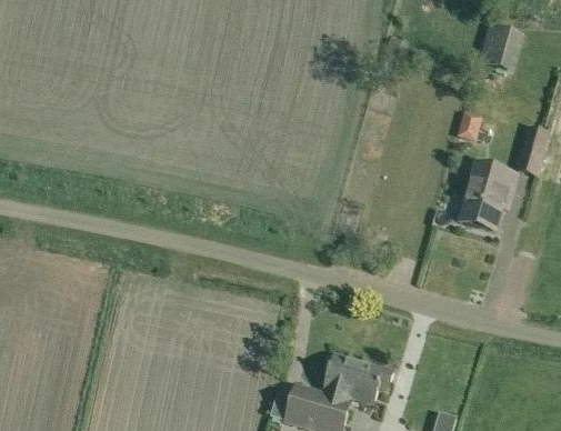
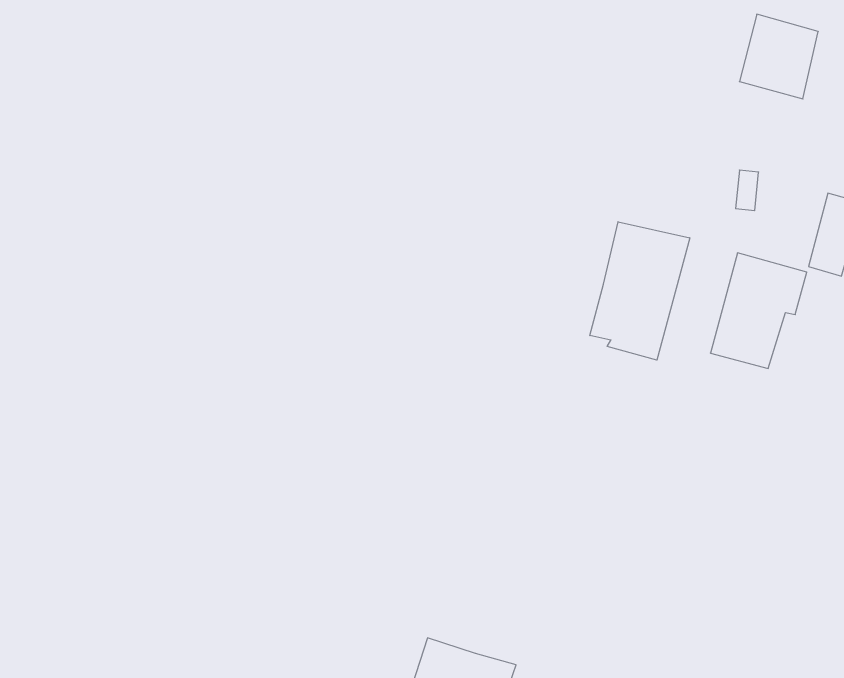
building: none -> [590,222,690,360]
building: [323,351,392,400] -> none

